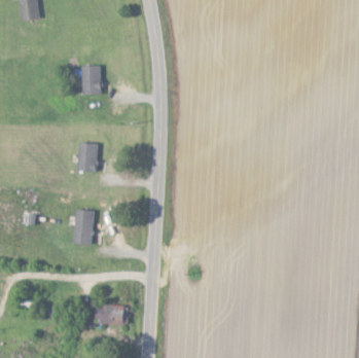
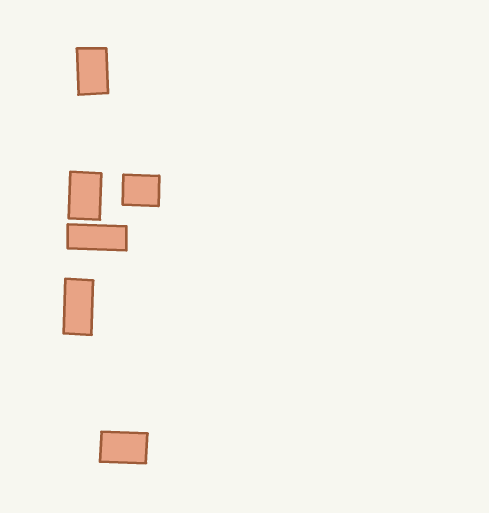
building: none -> [123,175,159,206]
building: none -> [68,224,126,250]

